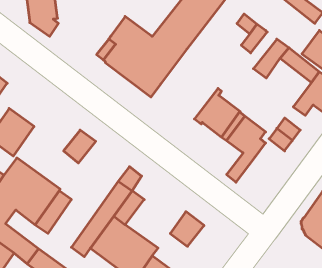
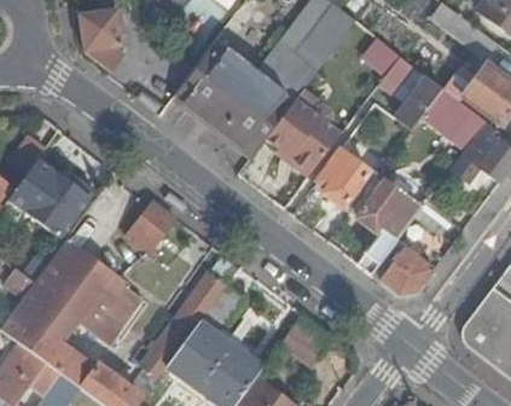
building: none -> [266,89,341,178]
building: none -> [371,239,435,294]

